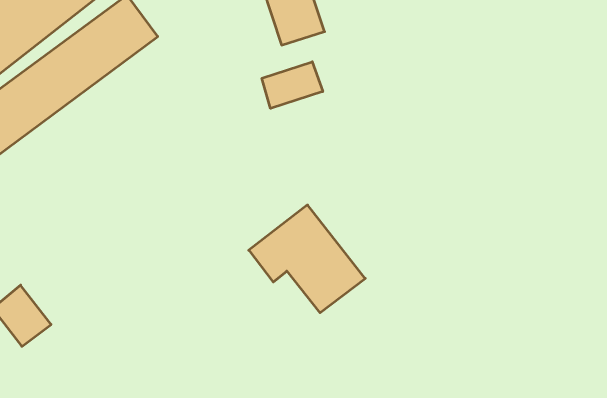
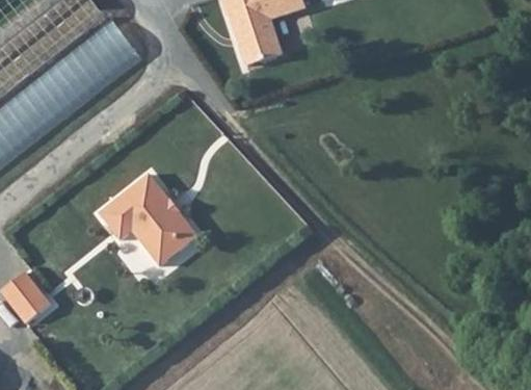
building: [262,62,323,108] -> none
building: [249,205,365,313] -> [99,173,197,264]

